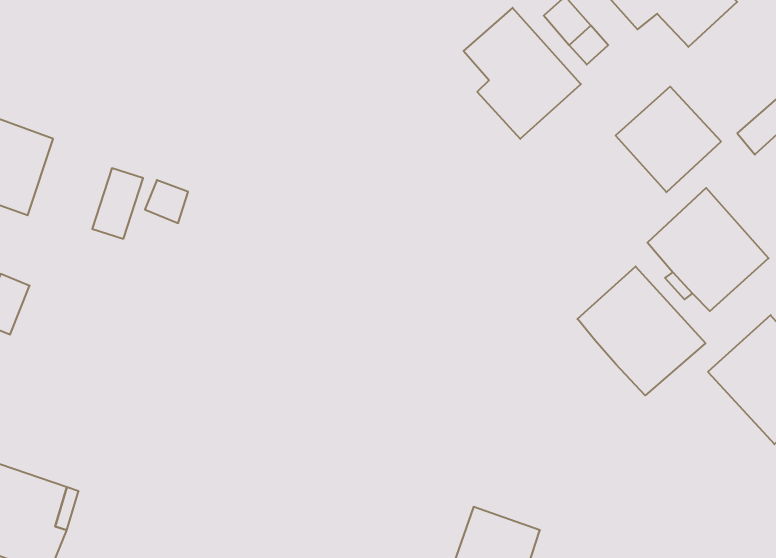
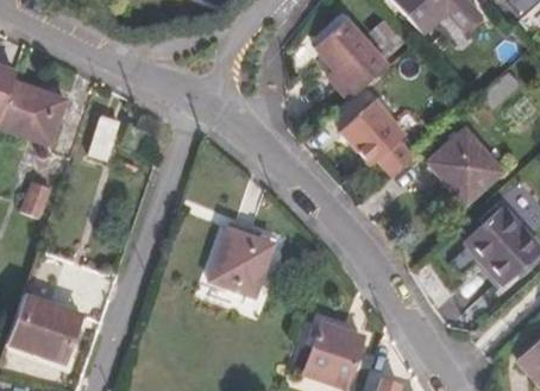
building: [616,87,721,192] -> [340,101,404,165]
building: [577,266,705,395] -> none
building: none -> [209,227,275,296]

